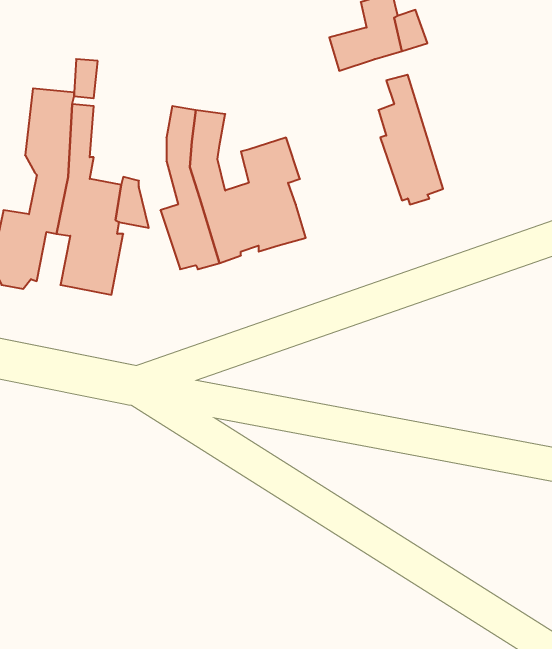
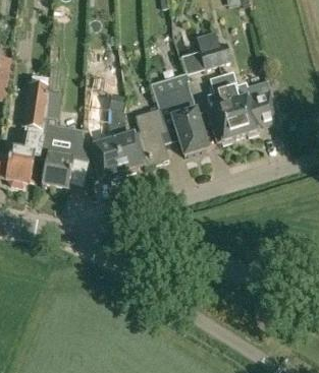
building: none -> [222,72,278,134]
building: none -> [155,84,208,154]

